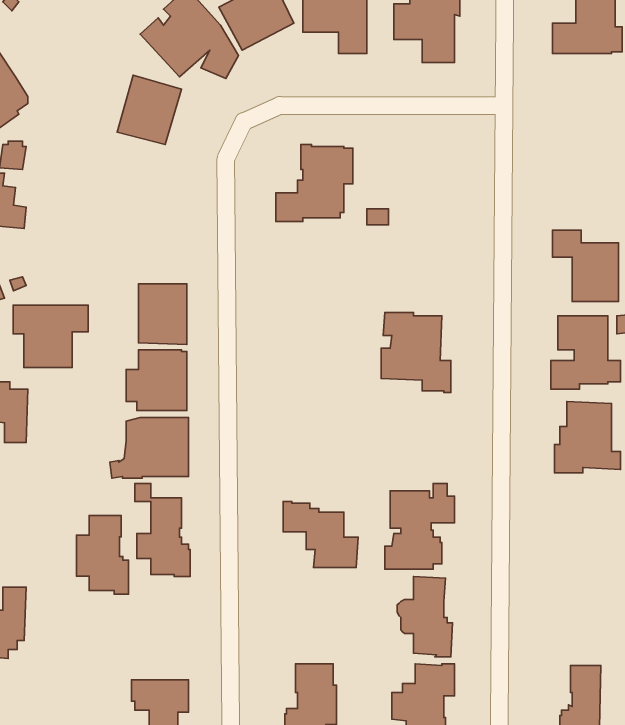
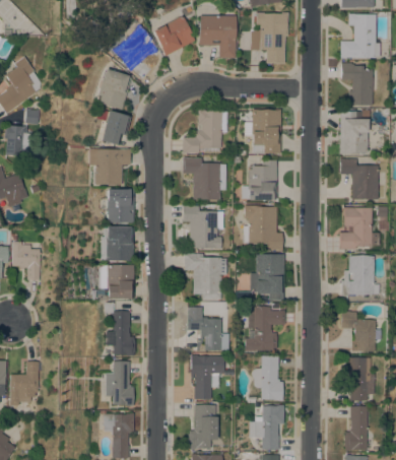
building: none -> [340,63,373,106]
building: none -> [93,109,129,145]
building: none -> [244,110,280,153]
building: none -> [339,110,370,154]
building: none -> [183,157,226,200]
building: none -> [243,160,277,201]
building: [13,305,88,368] -> [86,149,129,185]
building: none -> [182,205,223,249]
building: none -> [184,253,226,300]
building: none -> [250,254,284,301]
building: none -> [341,311,376,351]
building: [77,516,128,594] -> [104,362,133,406]
building: none -> [191,354,224,399]
building: none -> [345,357,375,400]

